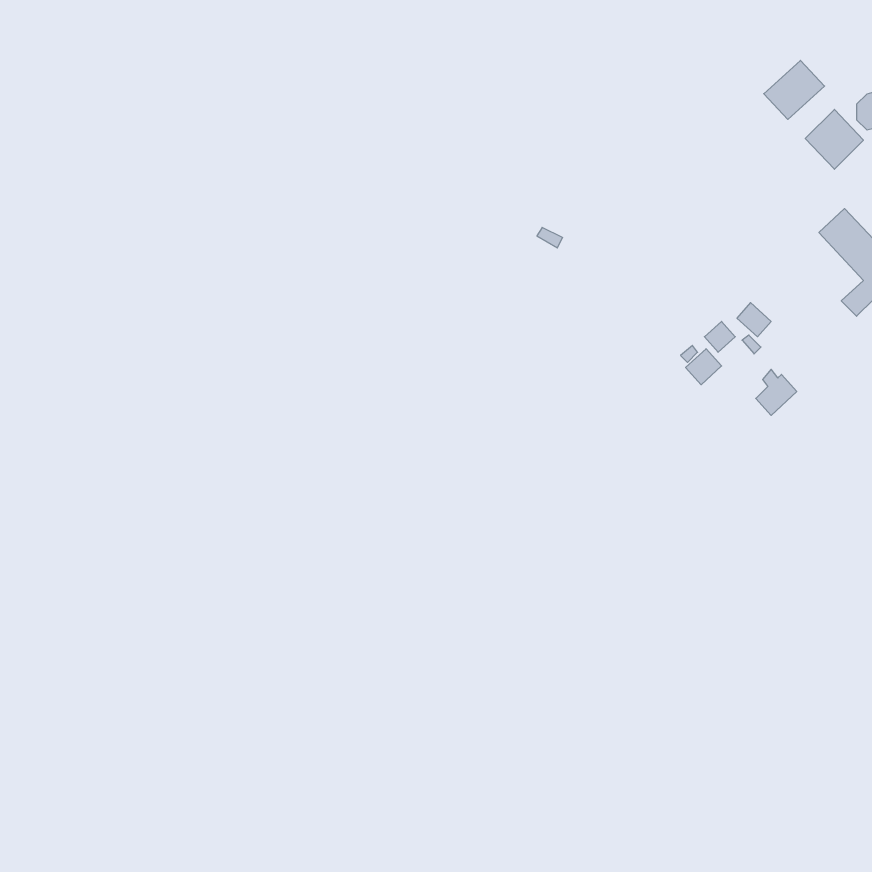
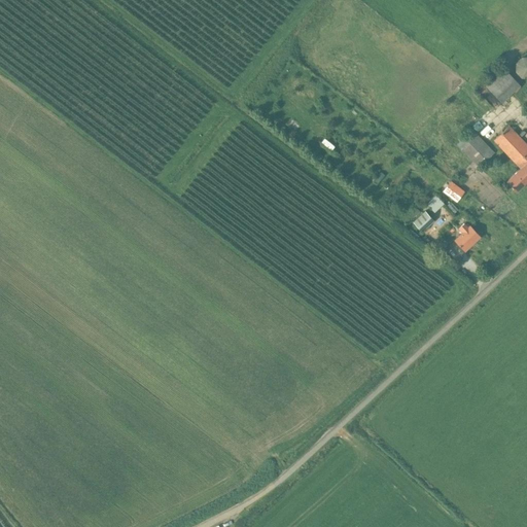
building: [764,60,825,119] -> none
building: none -> [457,130,496,169]

